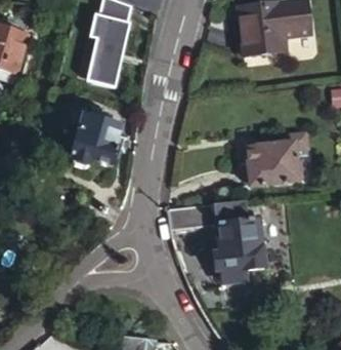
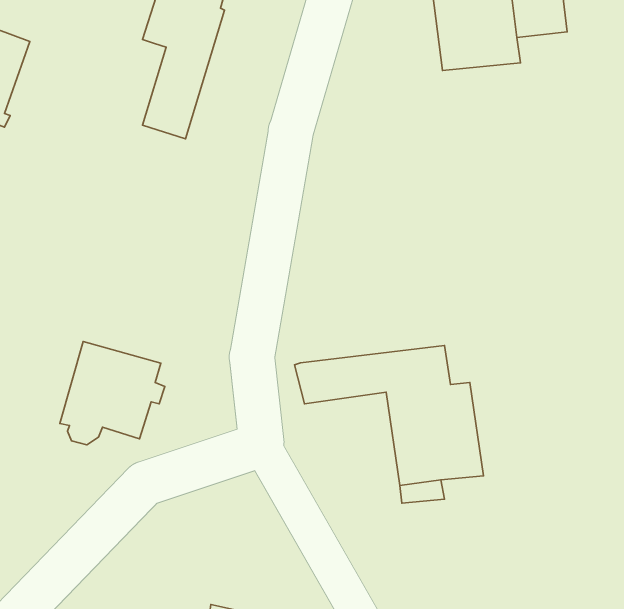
building: [69,113,124,167] -> [60,342,165,445]
building: [247,131,308,184] -> none

